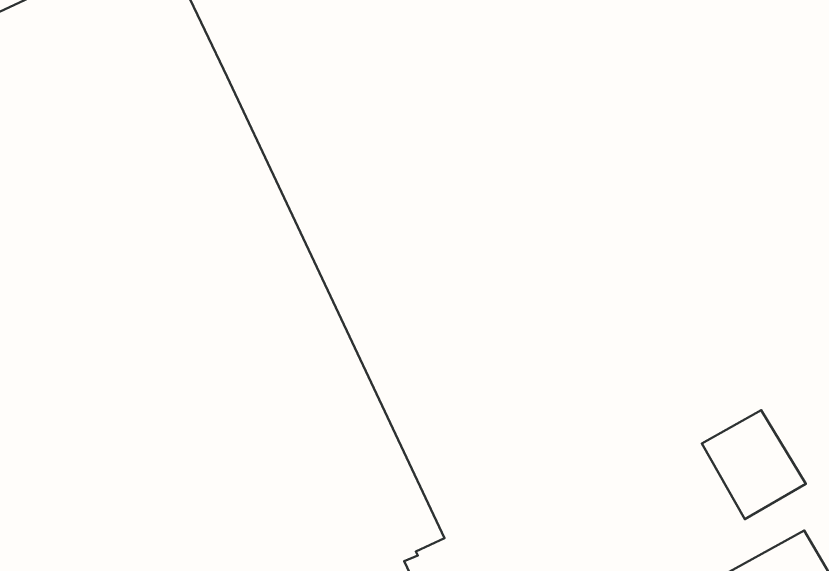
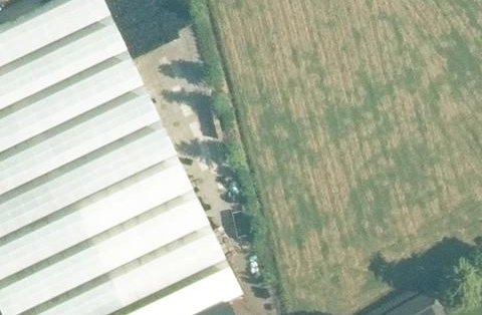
building: [702,410,806,519] -> none

